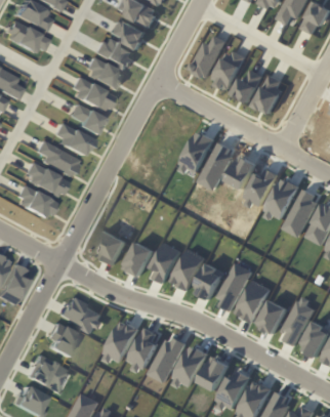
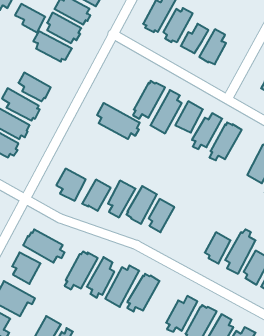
building: [70,102,104,134] -> [15,4,45,33]
building: none -> [97,103,140,139]
building: [286,187,322,237] -> none
building: [221,262,256,310] -> none
building: [240,280,275,322] -> none
building: [203,355,233,389] -> none

